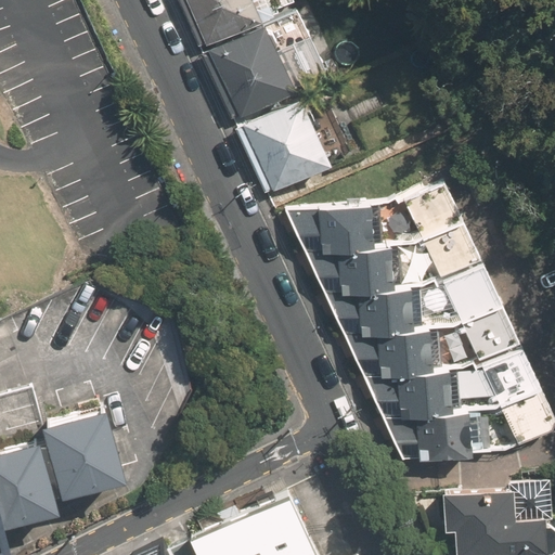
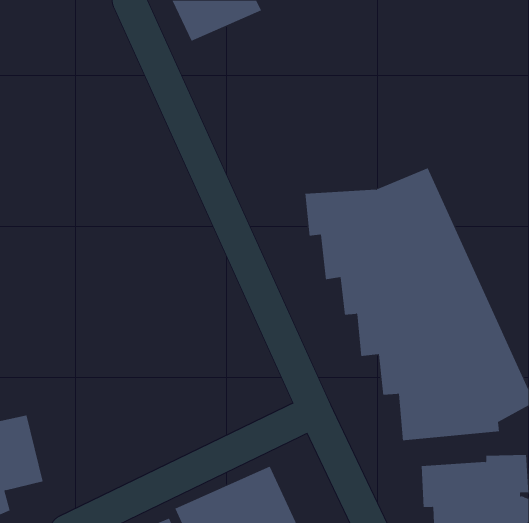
building: [199,27,328,126] -> none
building: [236,104,331,198] -> none
building: [42,409,126,499] -> none

